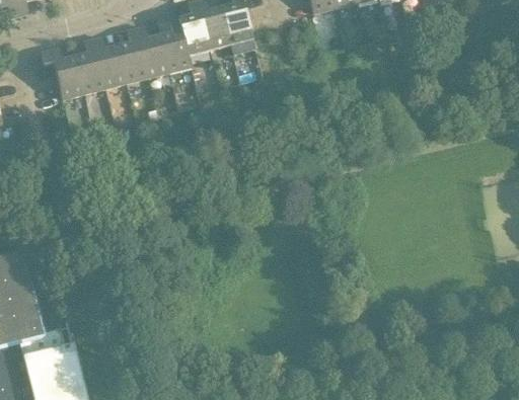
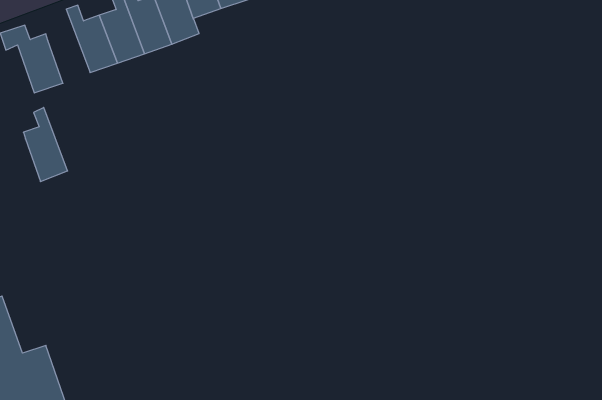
building: [74,39,104,95] -> [23,107,68,182]

